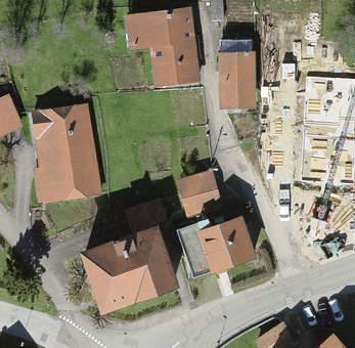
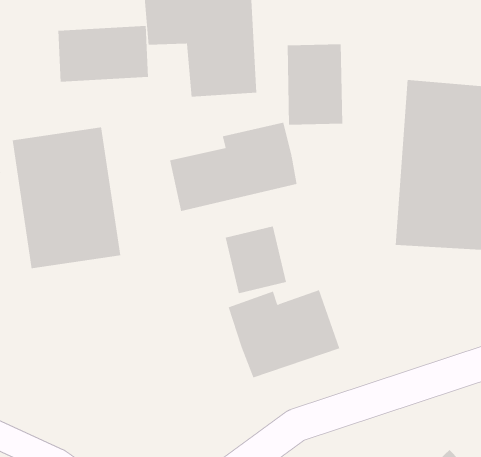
building: none -> [58,25,148,82]
building: none -> [169,122,297,212]
building: [87,200,187,310] -> none

